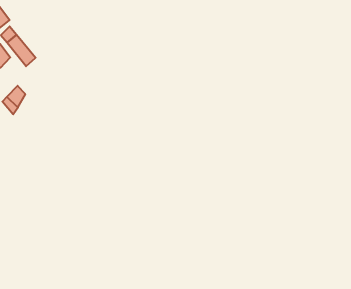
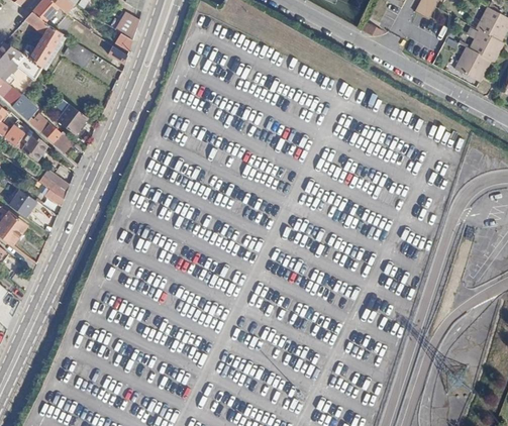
building: none -> [57,104,86,133]

